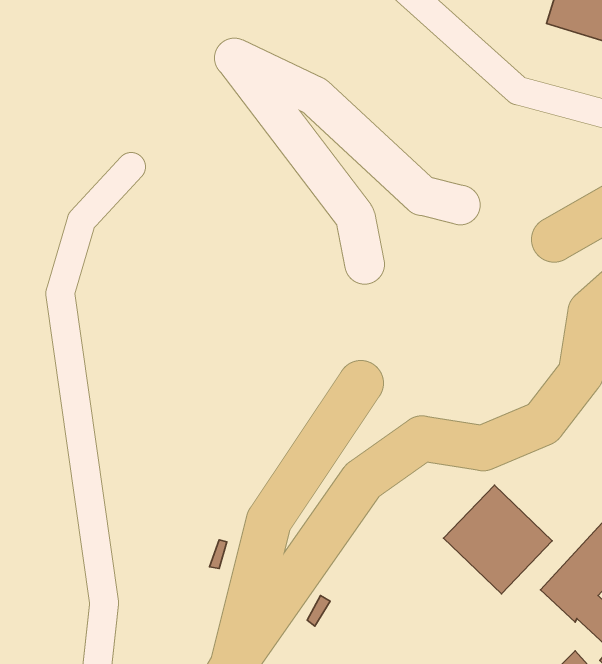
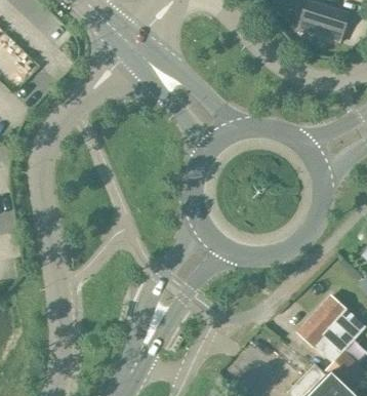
building: [444,485,552,594] -> none

